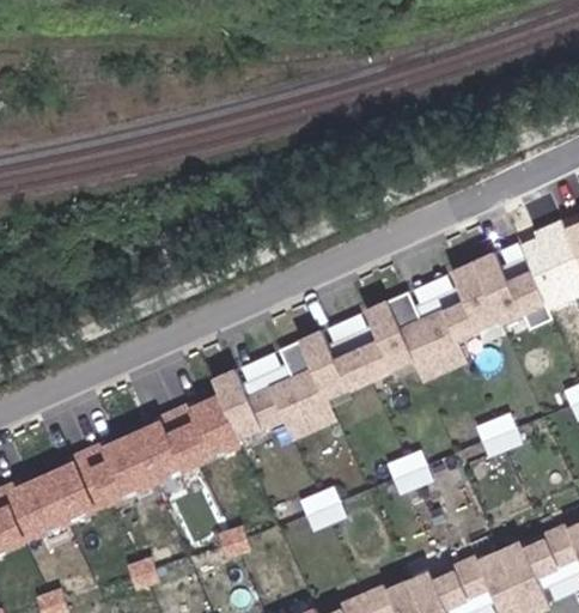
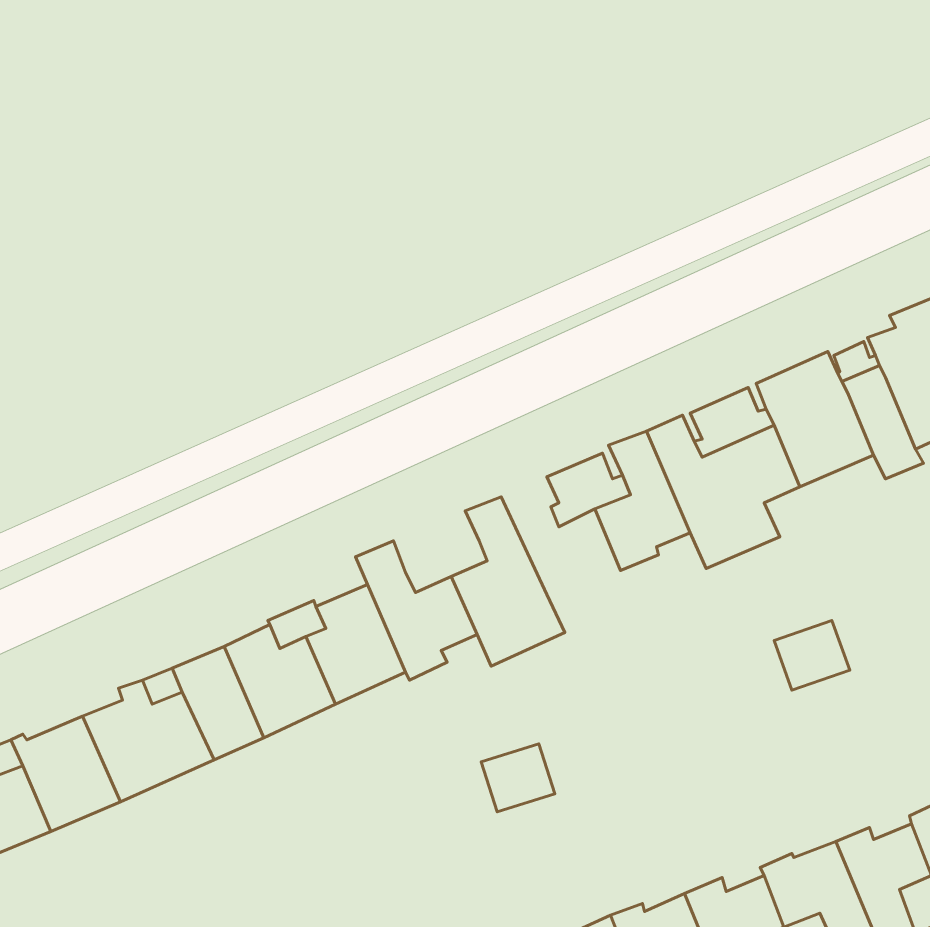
building: [309,322,382,394] -> none
building: [251,348,301,393] -> none
building: [384,447,429,490] -> none

